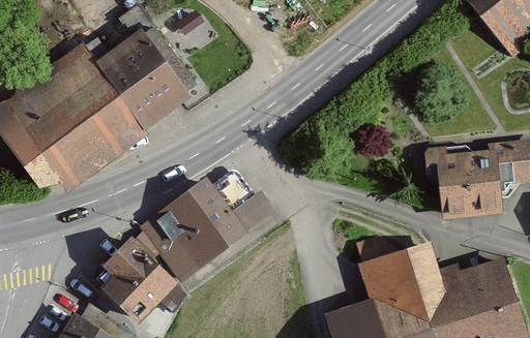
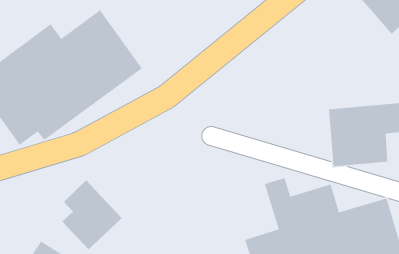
building: [136,178,272,284] -> none

